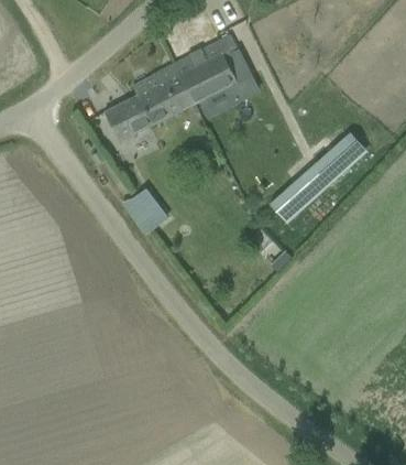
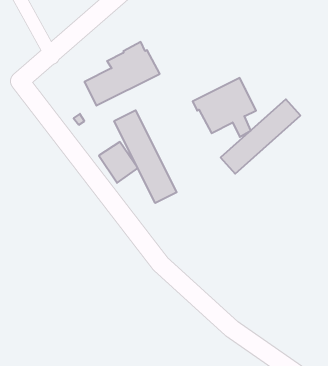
building: [173,35,250,107] -> [193,78,256,137]
building: none -> [114,110,177,203]

